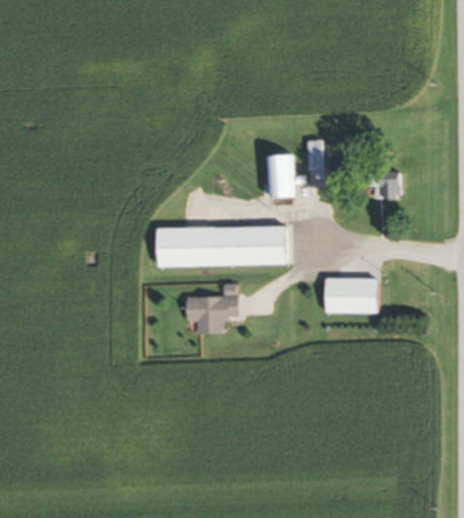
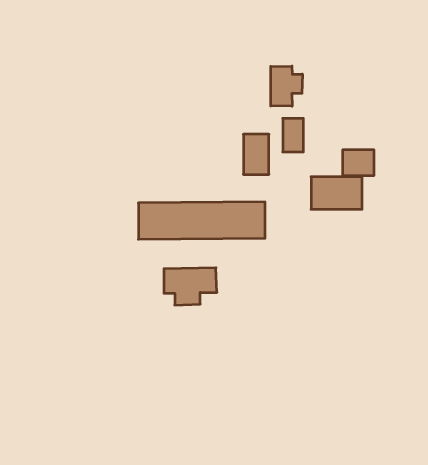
building: none -> [271,66,302,106]
building: [327,279,379,313] -> [311,177,362,209]

